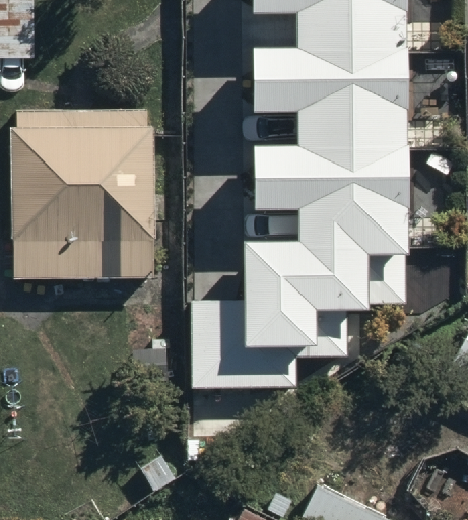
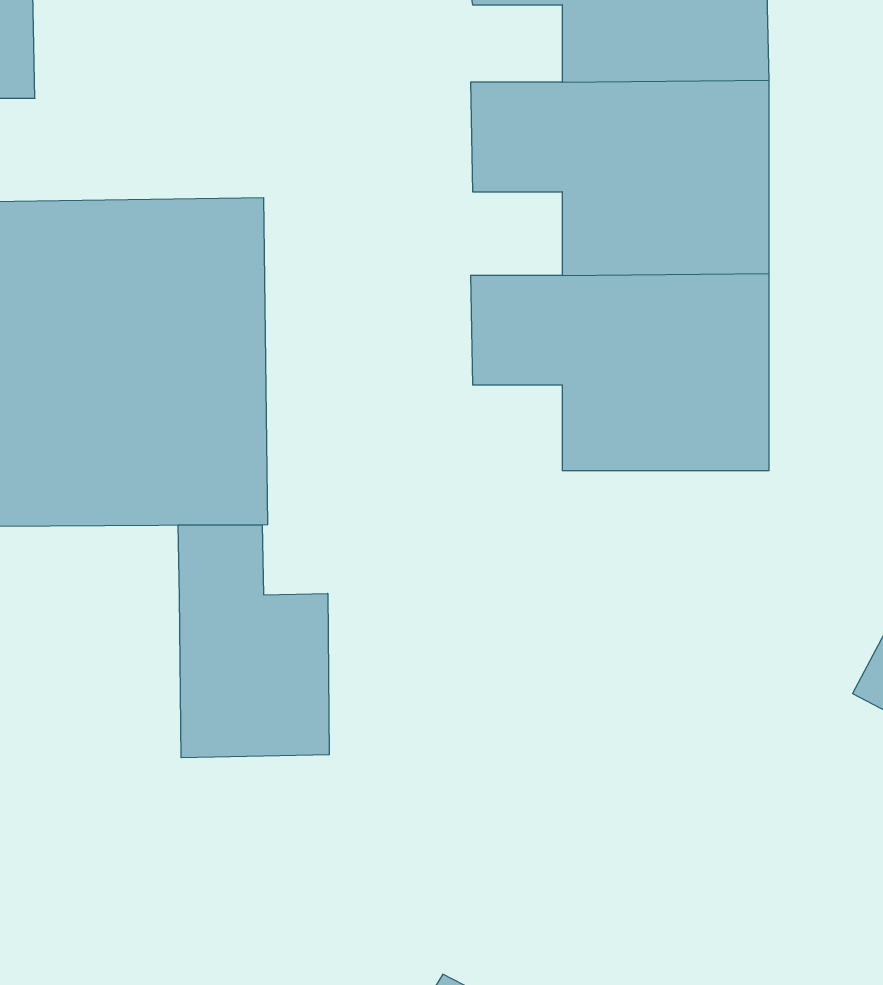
building: [197,249,407,381] -> none
building: none -> [178,525,329,758]

